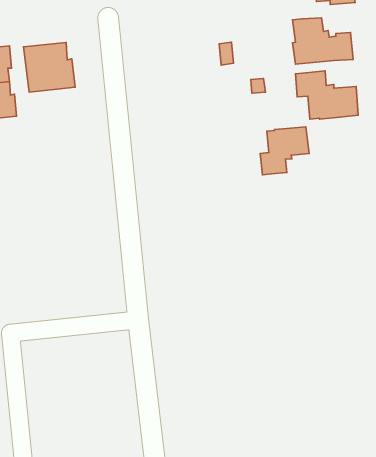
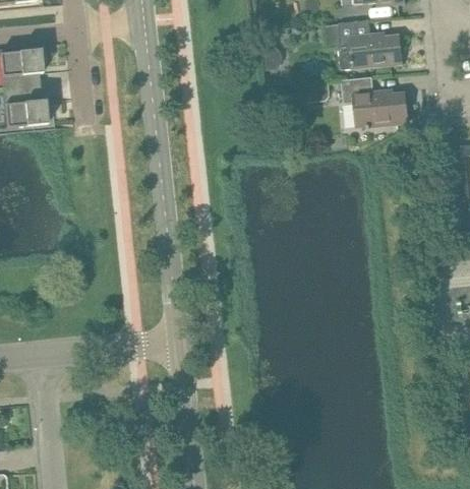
building: [24,43,75,92] -> none
building: [260,127,309,175] -> none

